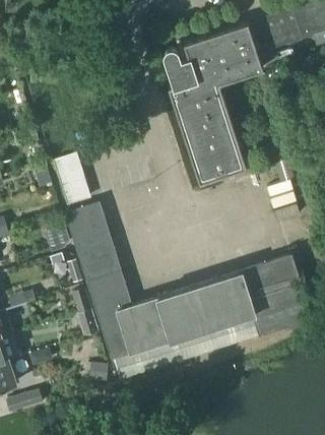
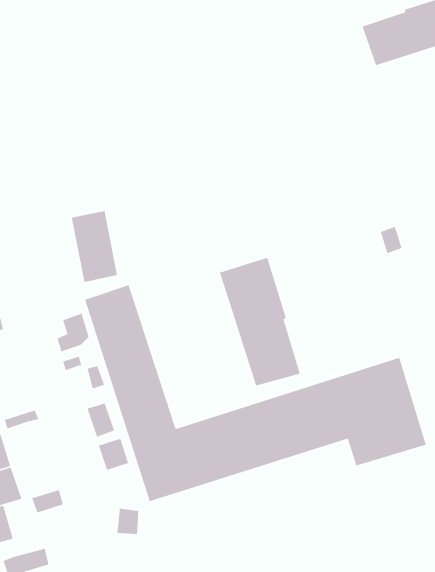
building: [166,25,264,185] -> none
building: none -> [219,257,301,387]

